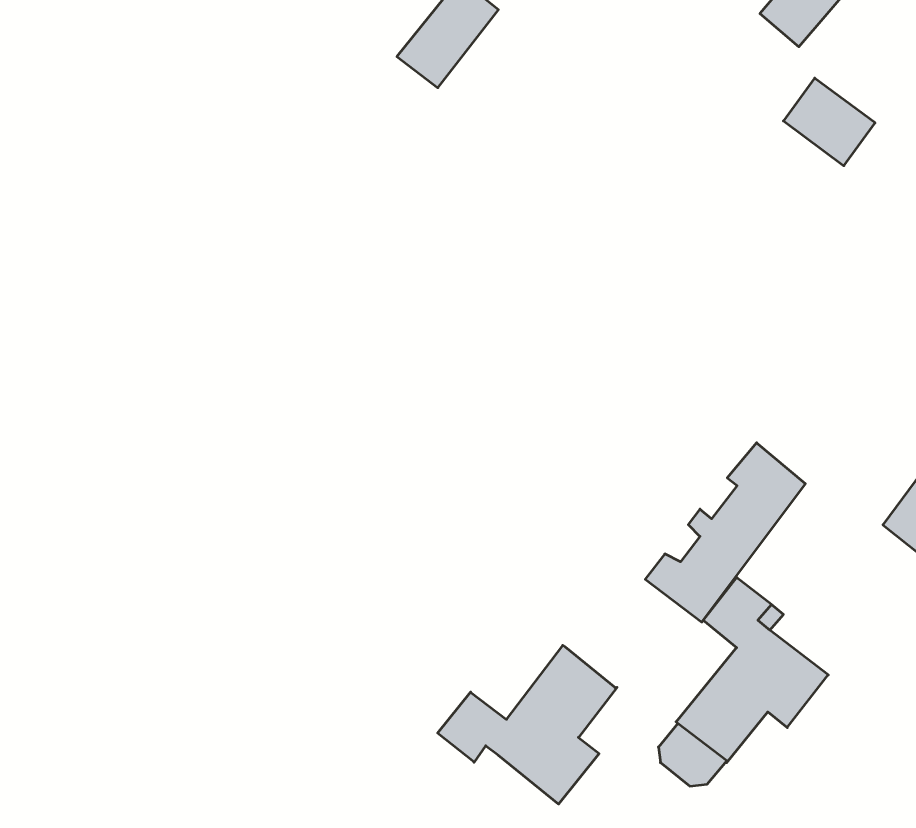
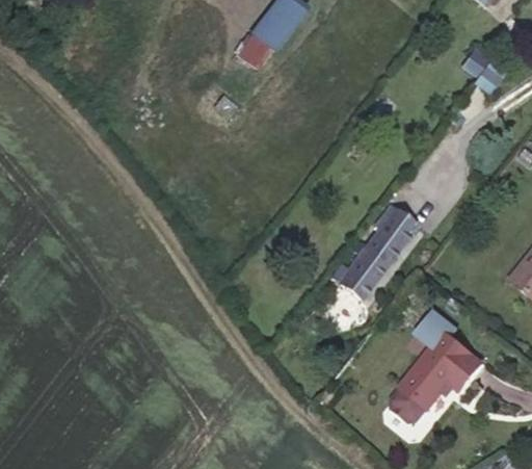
building: [645,443,805,622] -> [334,204,419,299]
building: [438,645,617,804] -> none

